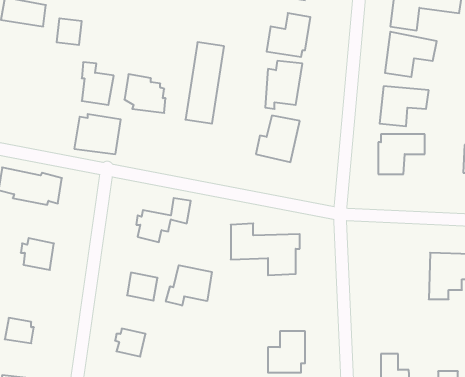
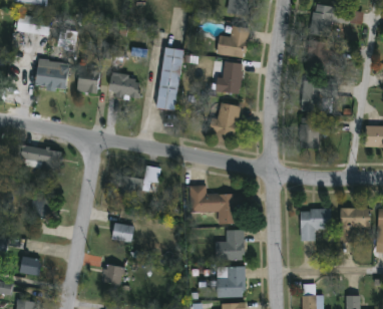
building: [74,114,121,154] -> [34,60,69,90]
building: none -> [301,208,332,241]
building: [166,265,212,306] -> none
building: none -> [217,230,244,261]

